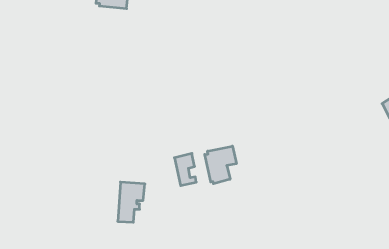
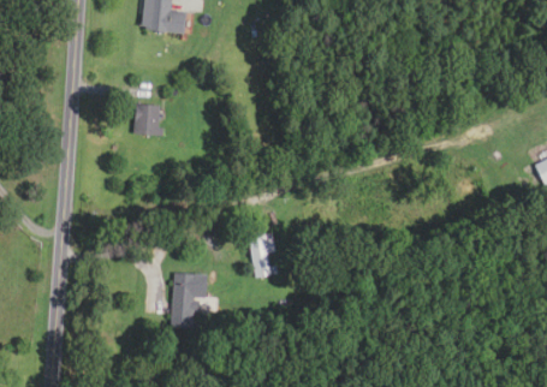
building: none -> [136,103,162,136]
building: [205,146,236,184] -> none

